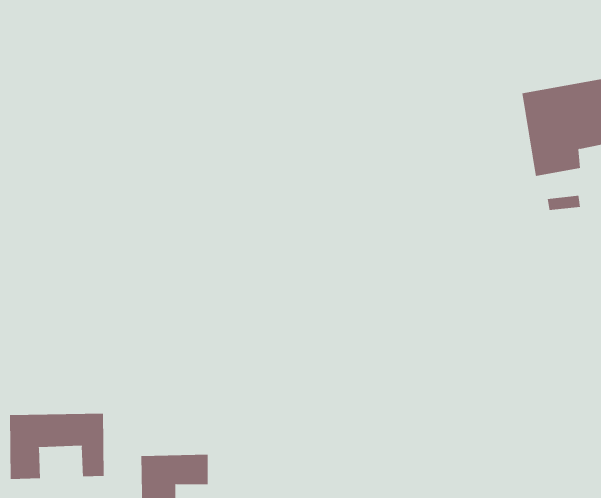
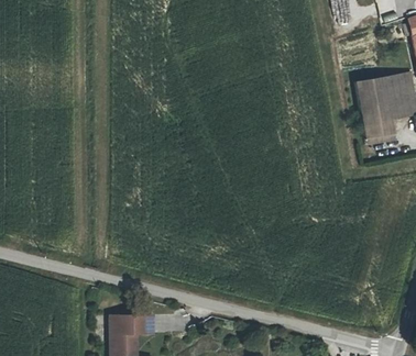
building: [10,413,104,480] -> none

